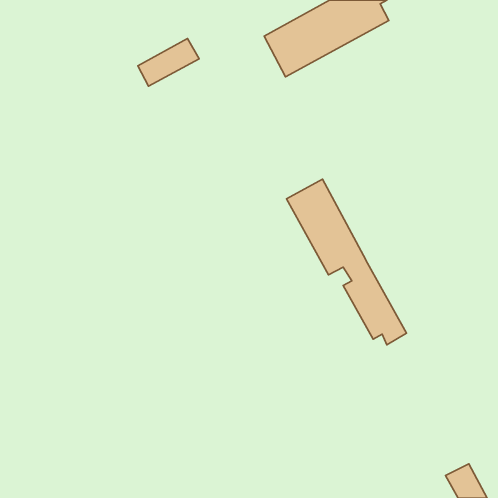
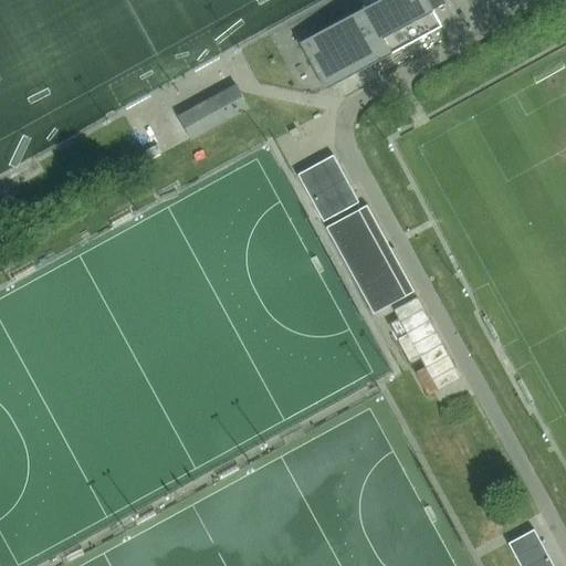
building: [138,39,199,86] -> [178,83,248,137]
building: none -> [297,155,358,222]

